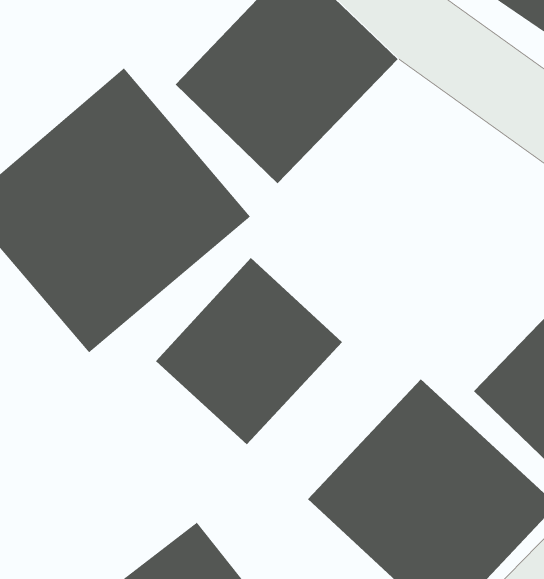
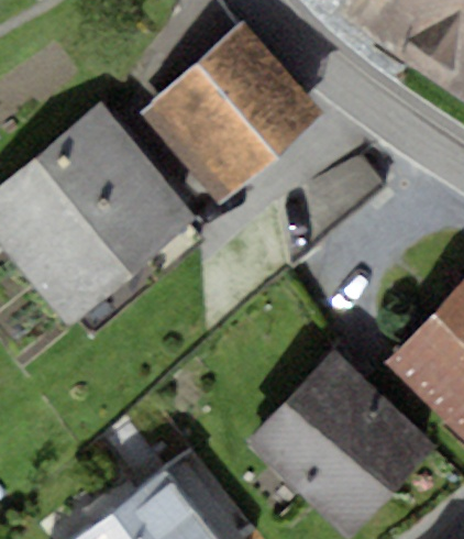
building: [155,257,343,445] -> none

